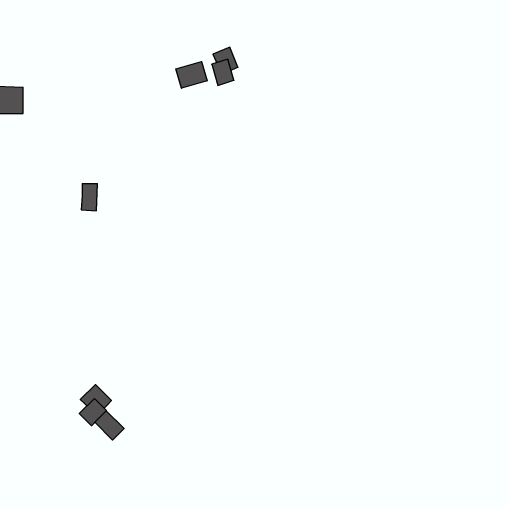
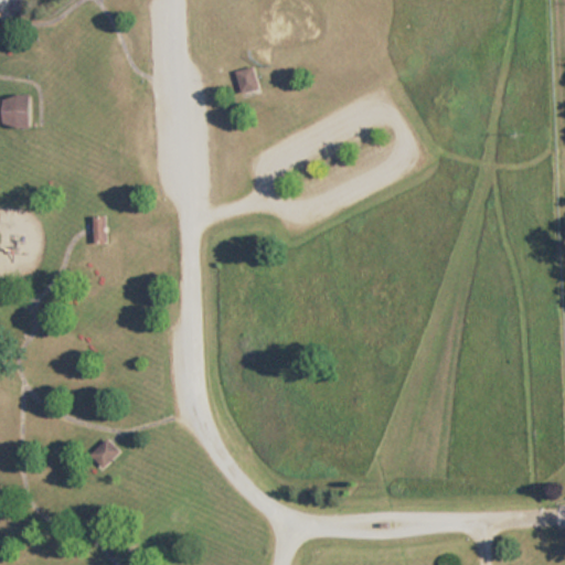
building: [176,62,207,88] -> none
building: [95,411,124,440] -> none

